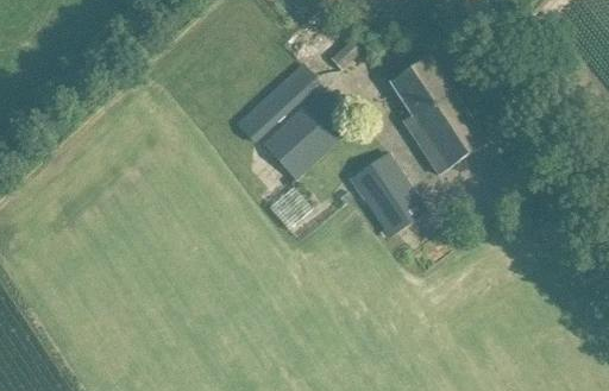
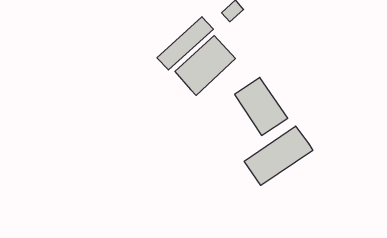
building: [391,56,485,174] -> none
building: none -> [244,126,313,185]

